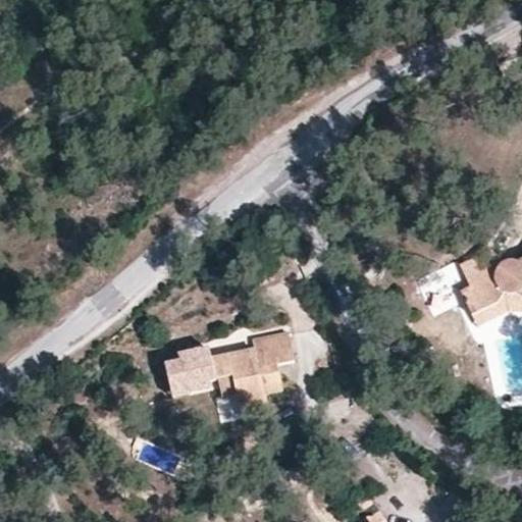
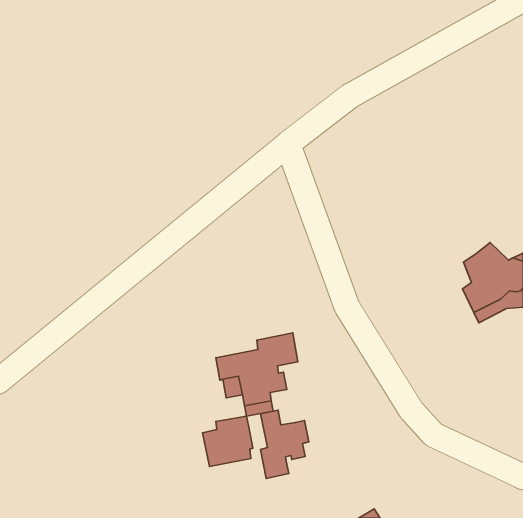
building: [168,346,218,396] -> [202,416,253,467]
building: none -> [261,410,309,478]

